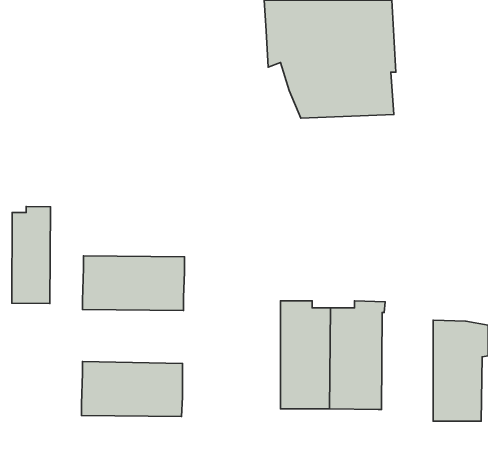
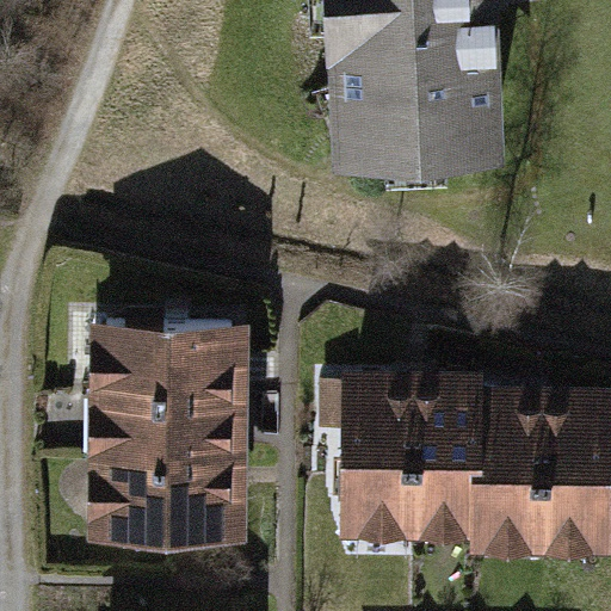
building: [12,207,51,304] -> none
building: none -> [103,403,228,470]
building: none -> [470,407,538,542]

